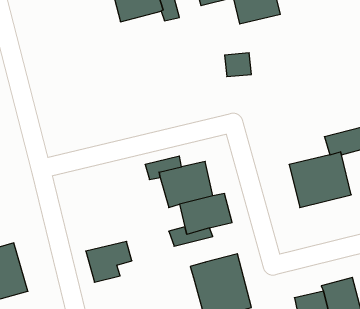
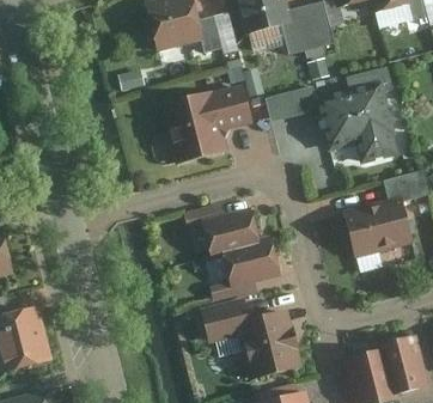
building: none -> [315,84,400,165]
building: none -> [160,85,251,165]
building: [86,241,132,282] -> [199,300,250,346]

